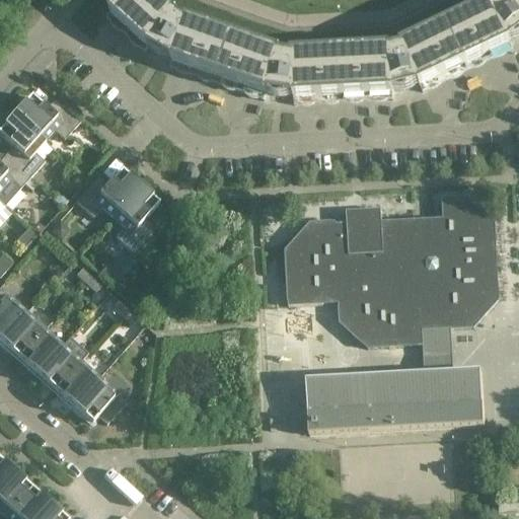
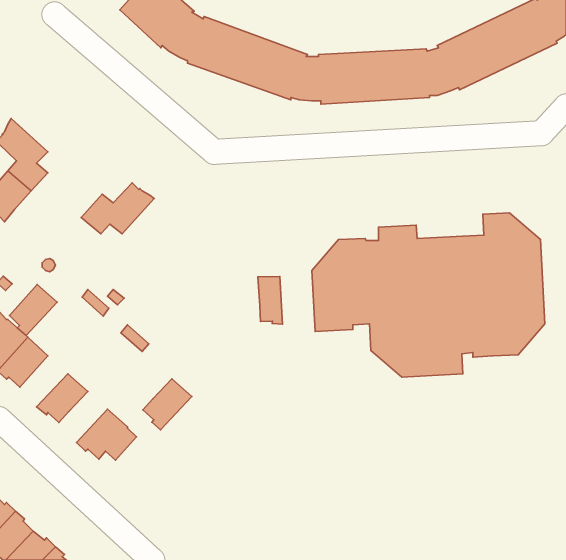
building: [10,92,79,139] -> none
building: [112,181,157,249] -> none
building: none -> [258,276,283,324]
building: [305,322,484,433] -> none
building: [18,325,62,372] -> [9,285,57,336]
building: [54,358,98,404] -> [143,379,192,430]

